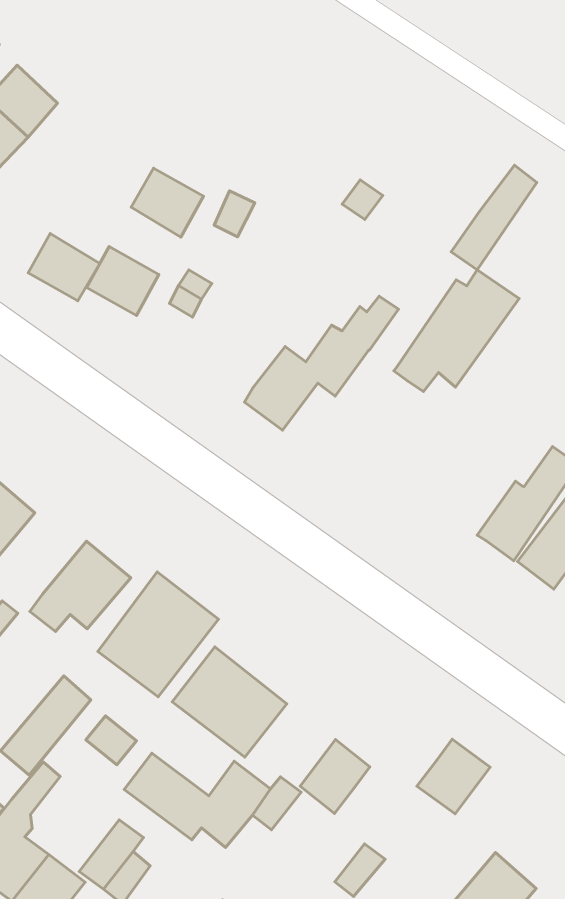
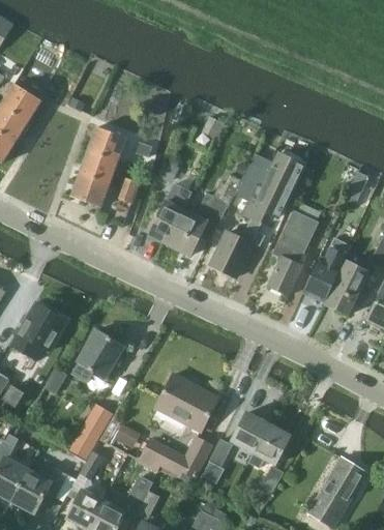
building: [451,165,537,270] -> [229,151,268,210]
building: [28,234,100,301] -> [81,149,118,182]
building: none -> [149,184,191,242]
building: none -> [211,216,261,275]
building: none -> [269,210,319,293]
building: [98,572,219,697] -> none
building: [417,739,490,814] -> [252,424,289,464]

